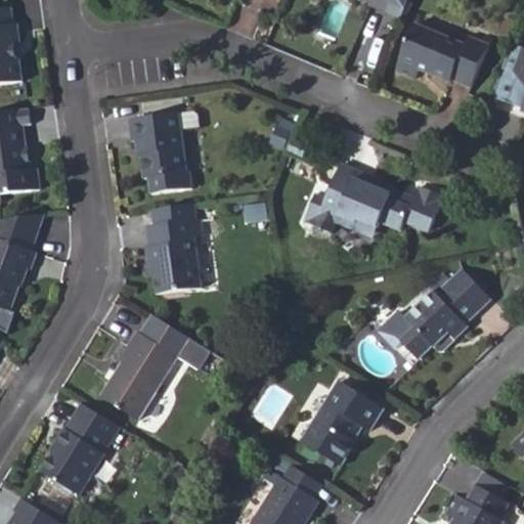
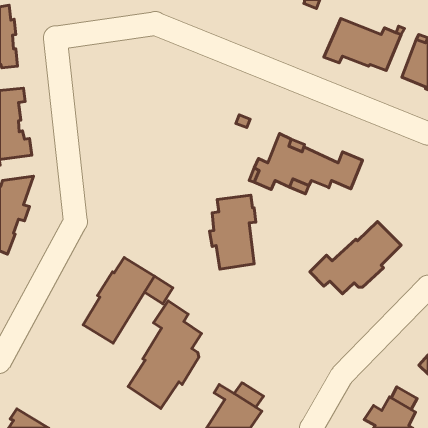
building: [129,114,191,194] -> none
building: [145,204,202,294] -> [210,195,256,269]
building: none -> [128,301,201,408]
building: [301,381,382,466] -> none
building: [44,403,121,494] -> none

